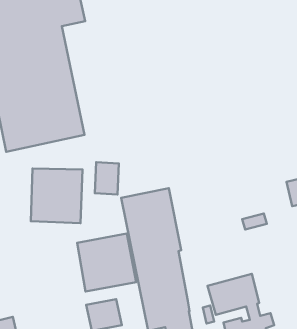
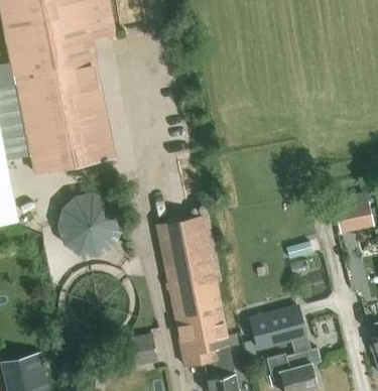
building: [95,162,119,195] -> none
building: [77,233,136,292] -> none

